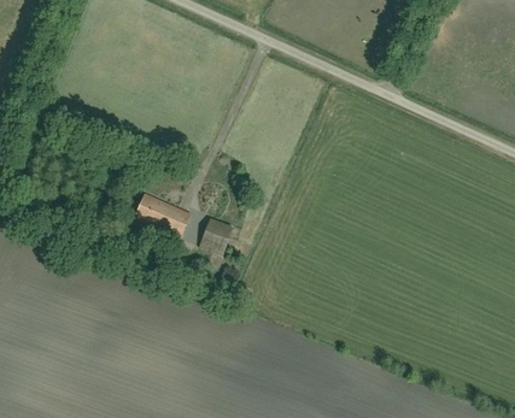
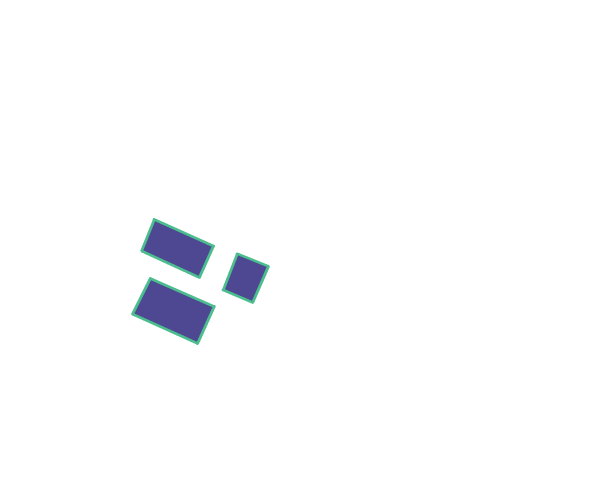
building: none -> [133,278,214,344]

